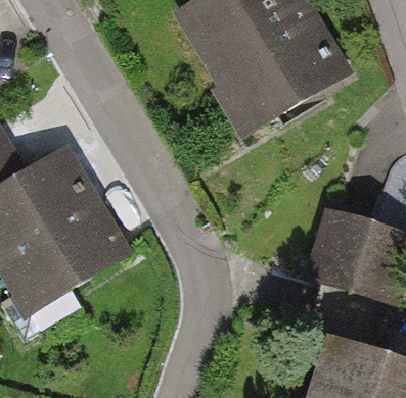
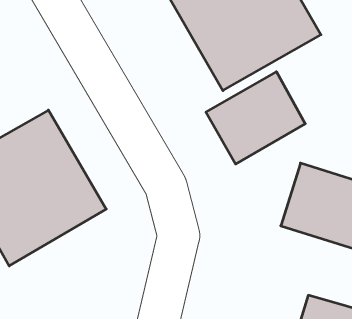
building: none -> [206,72,305,164]

